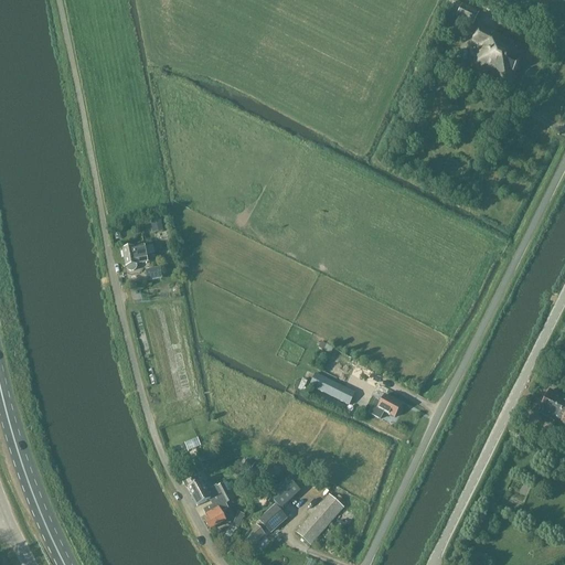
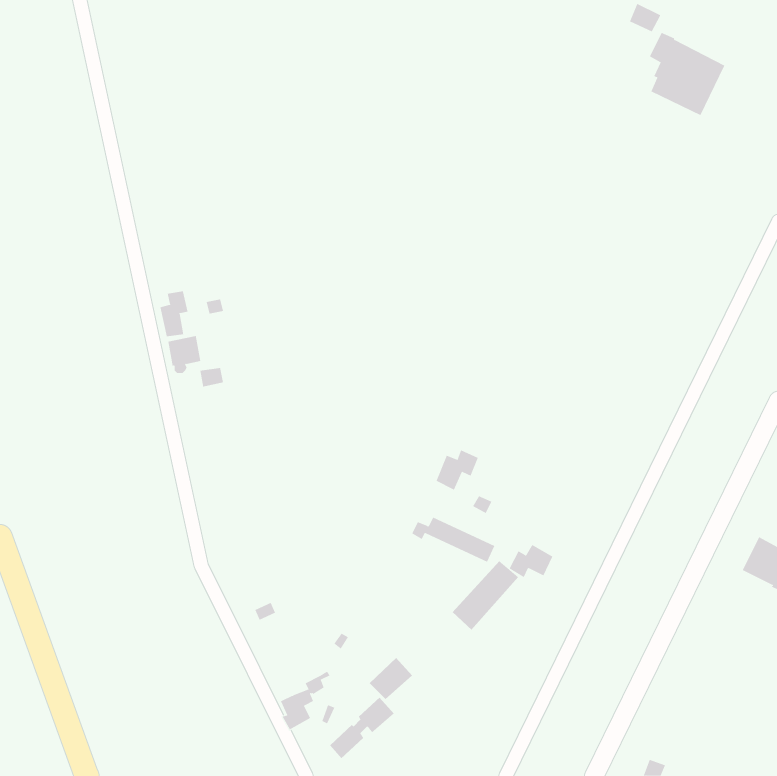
building: none -> [160,290,188,337]
building: none -> [436,449,478,490]
building: [188,475,233,504] -> none
building: [296,493,344,544] -> [452,560,519,630]

